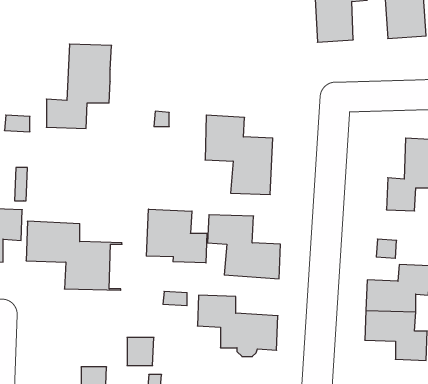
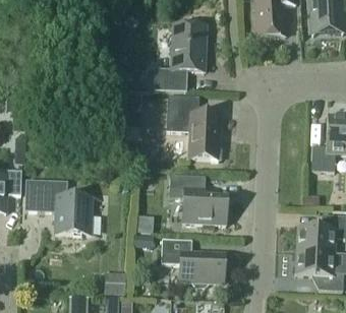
building: [46,44,112,128] -> [155,23,207,90]
building: [146,209,207,263] -> none

